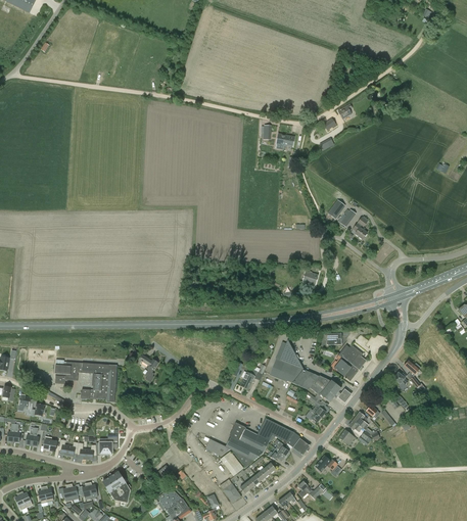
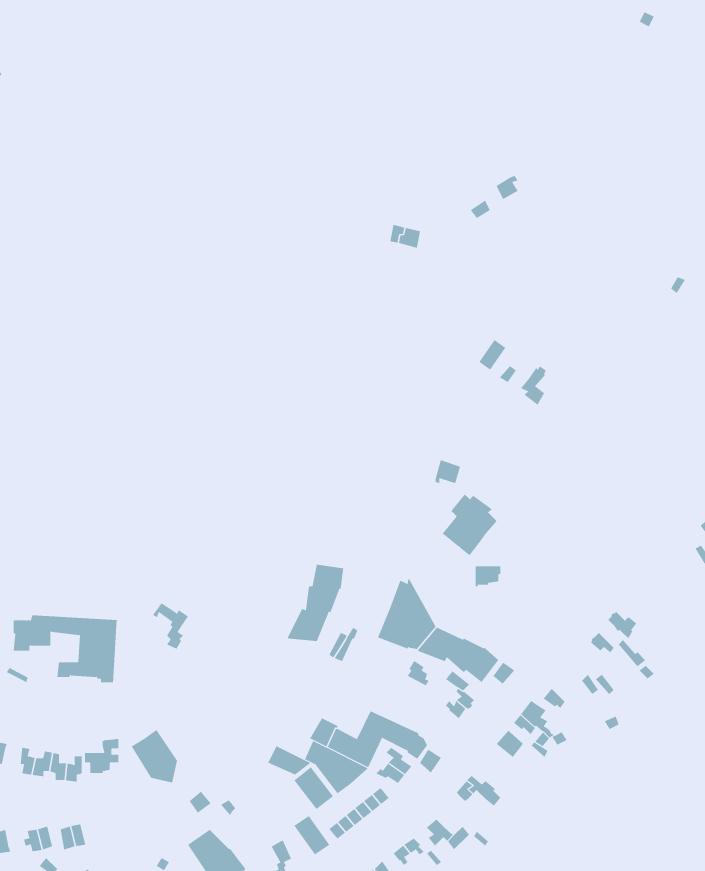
building: none -> [287,564,344,642]
building: [333,344,366,381] -> [442,493,498,556]
building: [103,471,131,503] -> [131,729,178,783]

